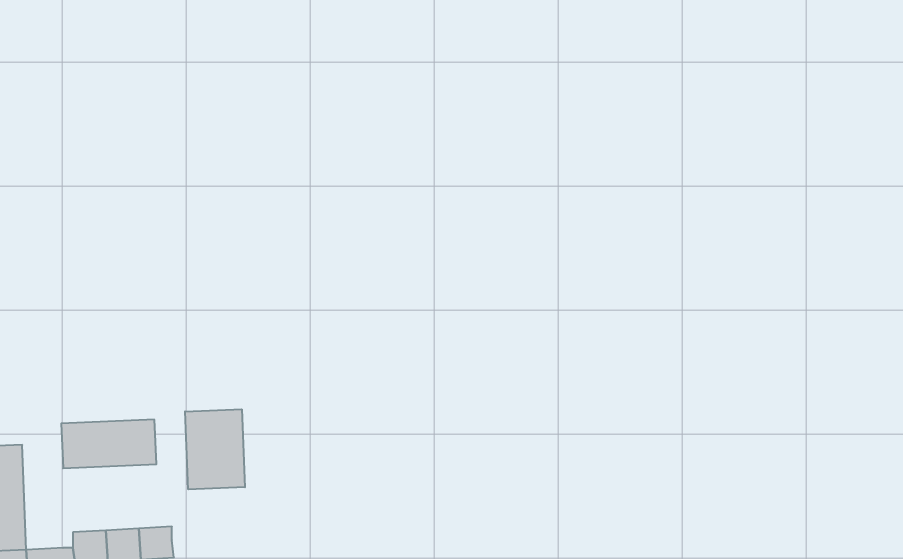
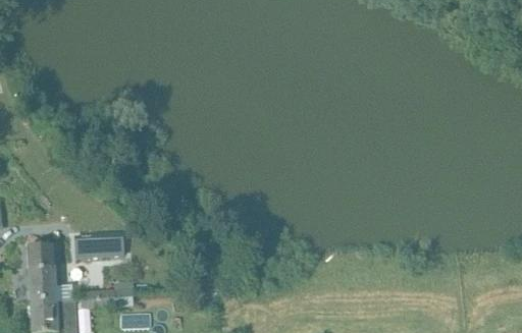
building: [185,409,245,489] -> none

